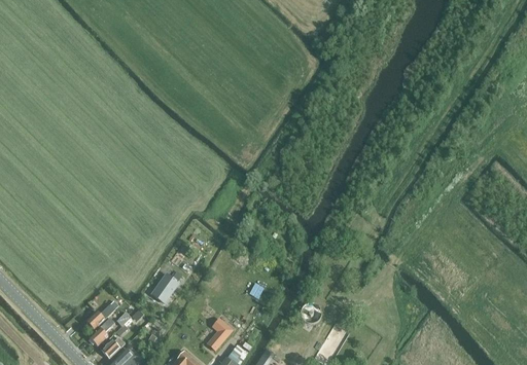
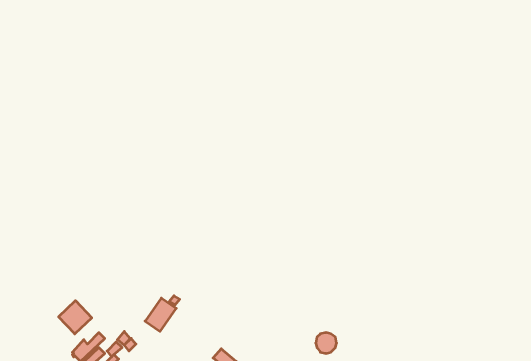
building: none -> [59,301,92,334]

